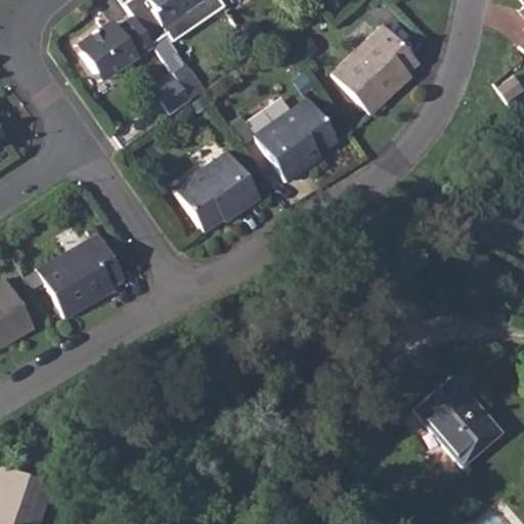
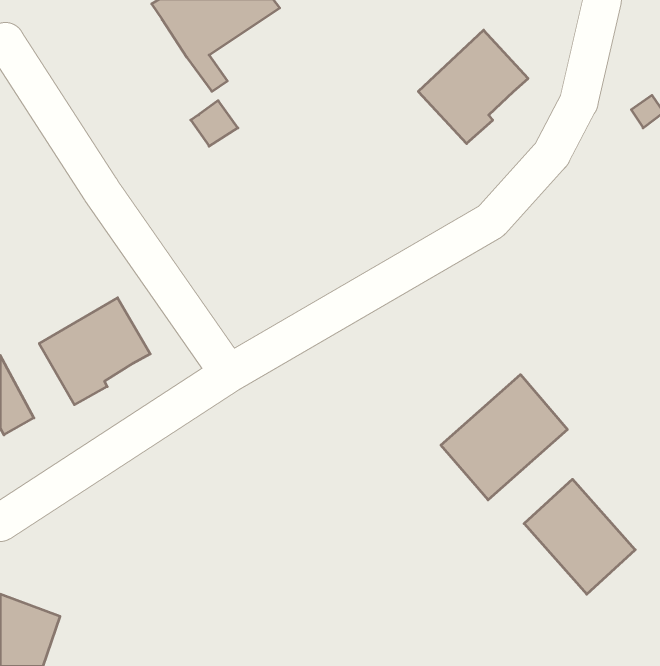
building: [81,15,152,76] -> none
building: [254,98,338,181] -> none
building: [173,150,259,232] -> none
building: none -> [441,375,567,500]

